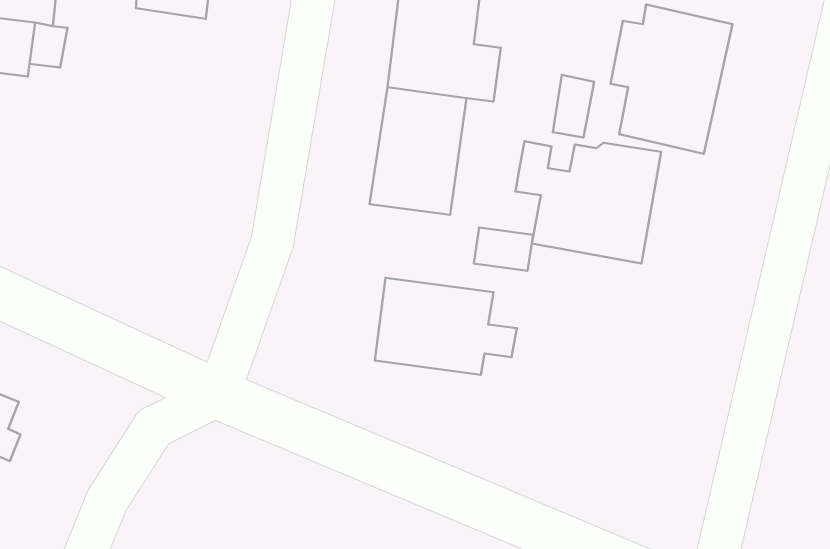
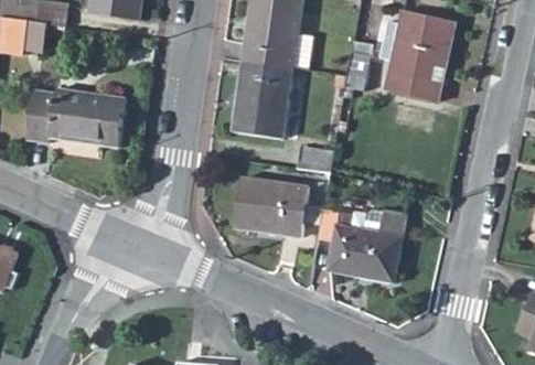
building: none -> [25,88,126,148]
building: [516,141,661,263] -> [317,208,406,283]

